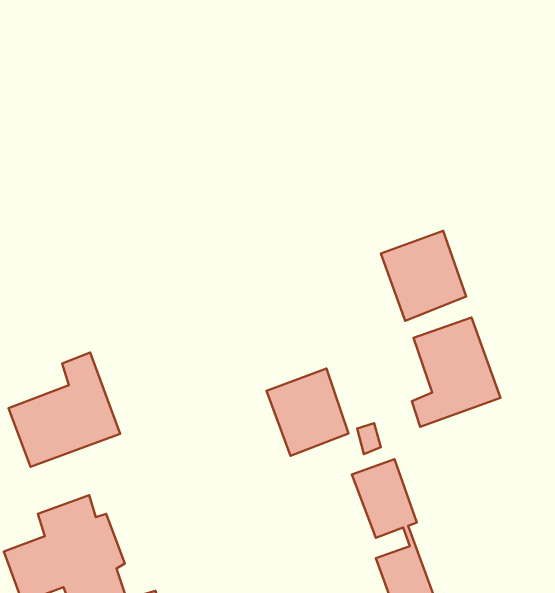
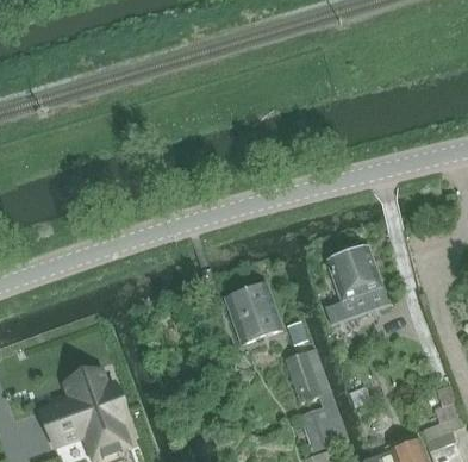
building: [381,231,466,321] -> none
building: [8,352,120,467] -> none

